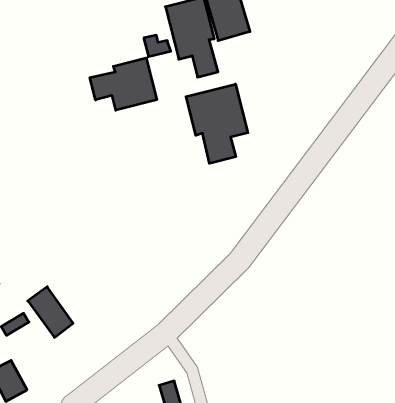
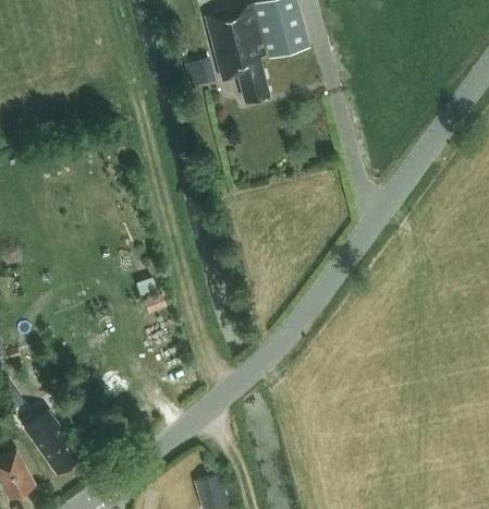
building: [90,58,157,110] -> none
building: [186,84,248,163] -> none
building: [28,287,73,337] -> [25,412,81,474]

